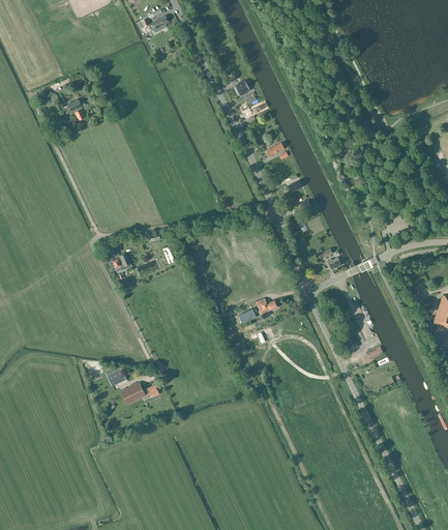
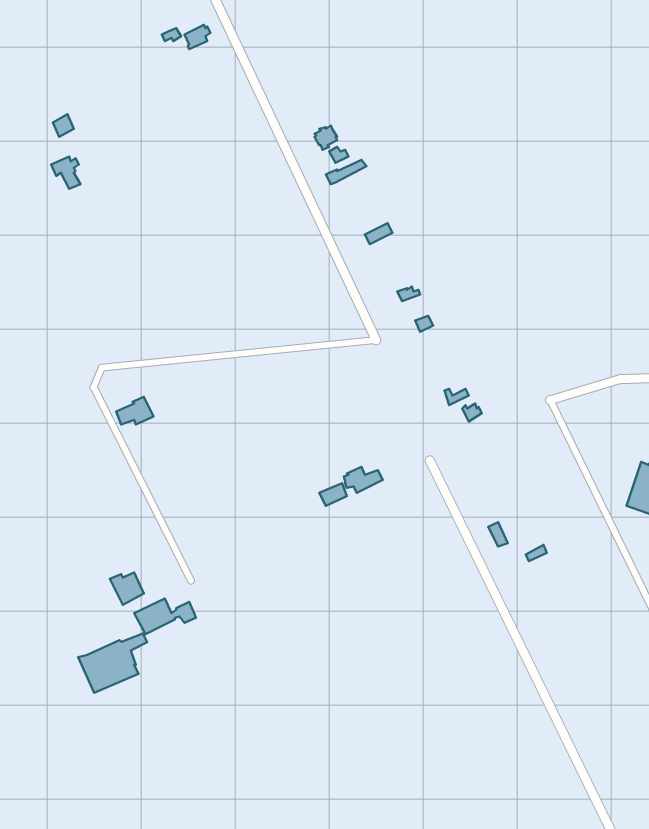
building: none -> [78,633,147,693]

